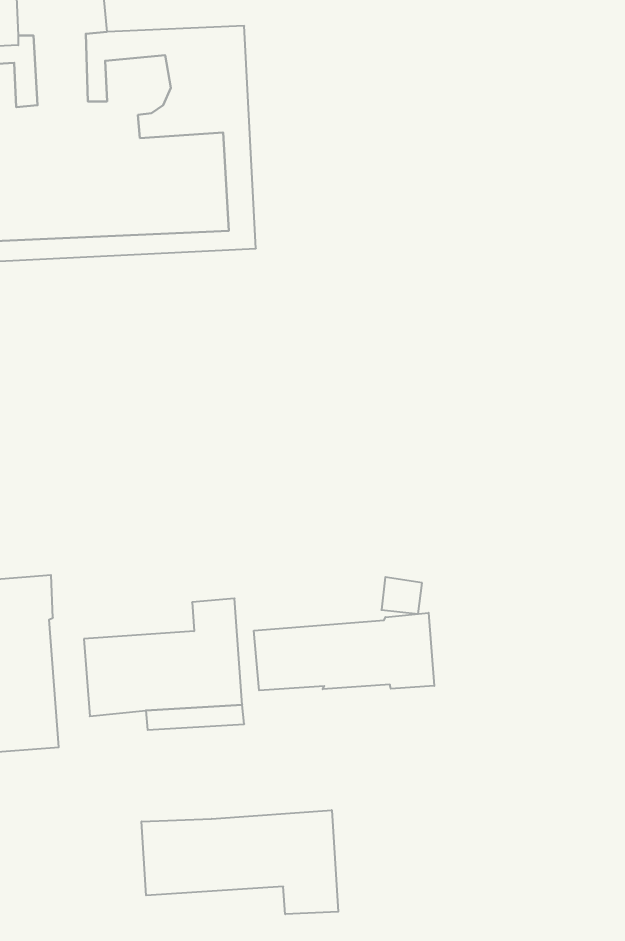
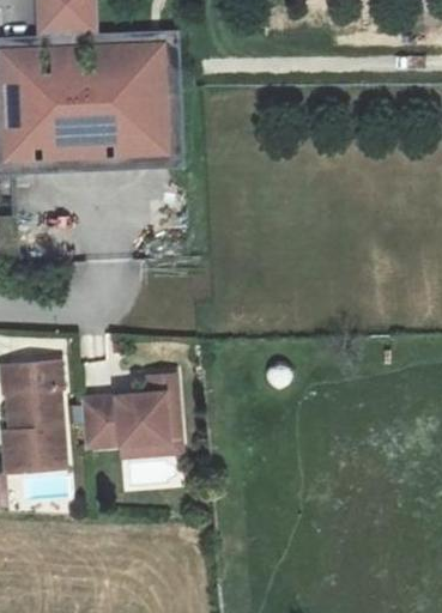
building: [254,613,434,690] -> none
building: [142,810,338,914] -> none

